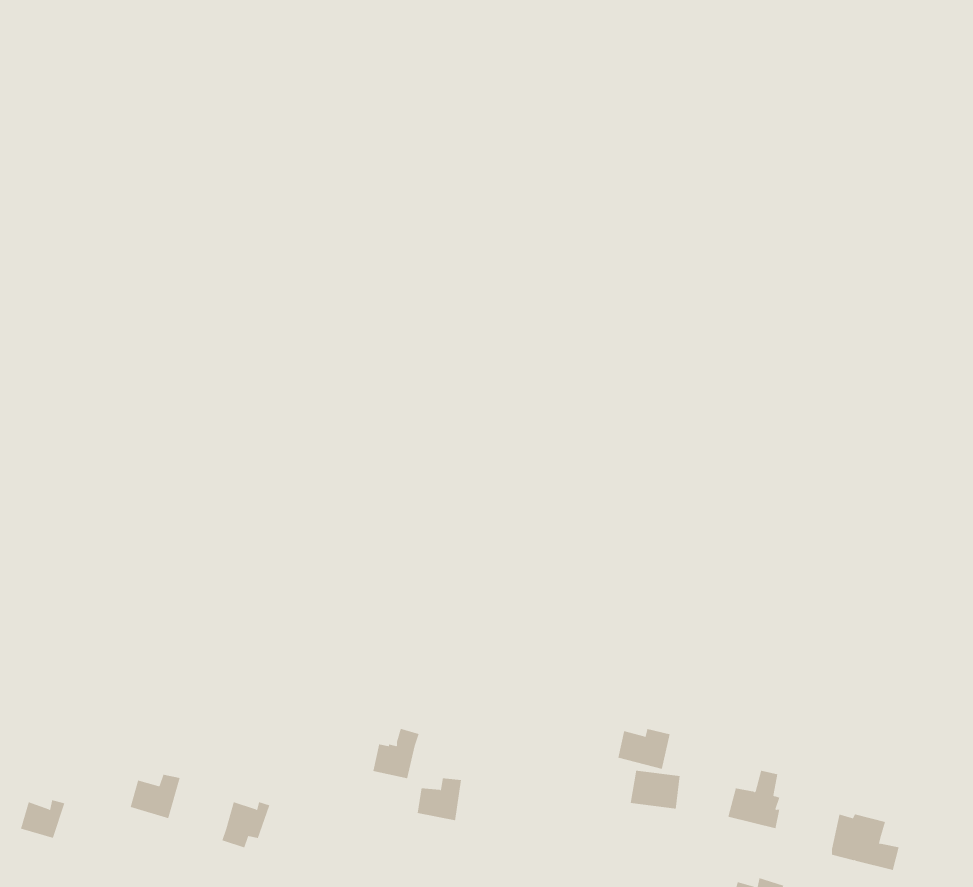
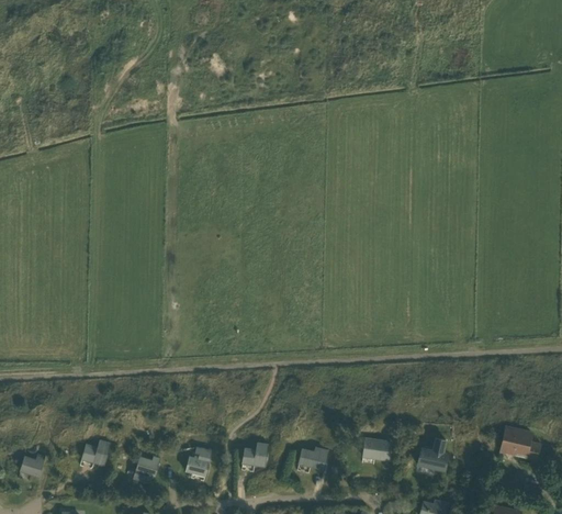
building: [373,728,420,779] -> [186,447,212,476]
building: [618,728,670,769] -> [299,447,328,470]
building: [831,814,900,871] -> [501,428,539,460]

